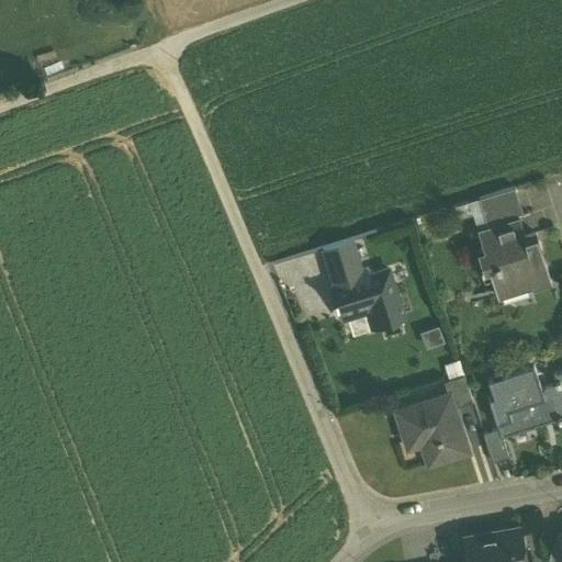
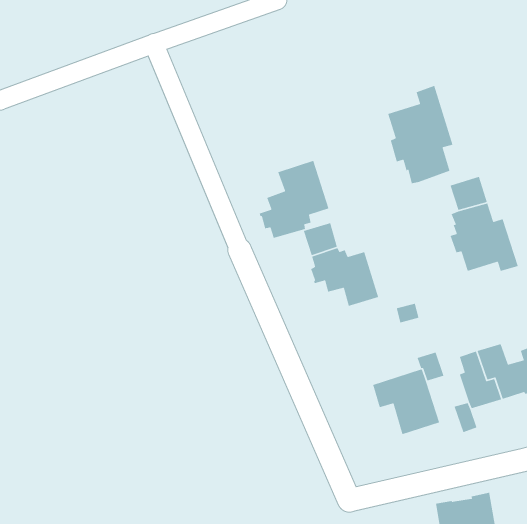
building: none -> [387,85,453,184]
building: none -> [258,160,329,239]

